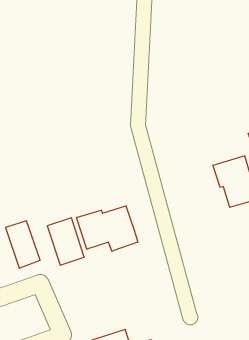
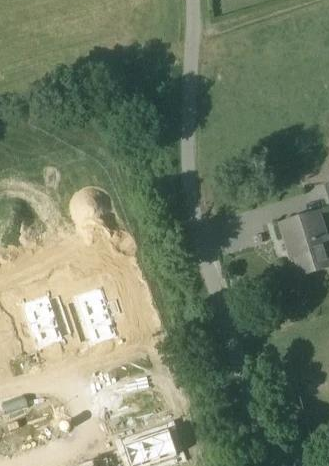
building: [77,206,138,251] -> none

